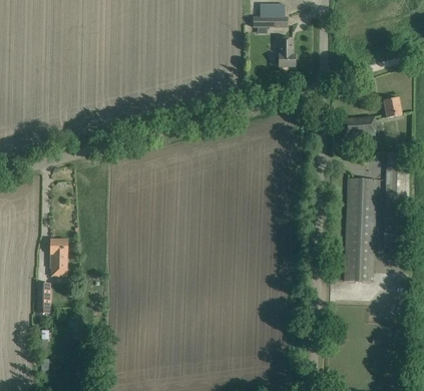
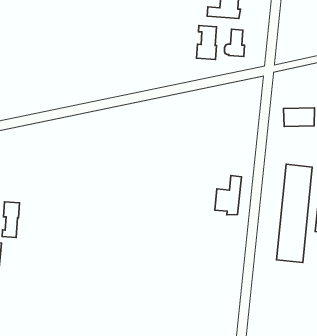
building: none -> [197,26,217,60]
building: none -> [215,176,241,215]

